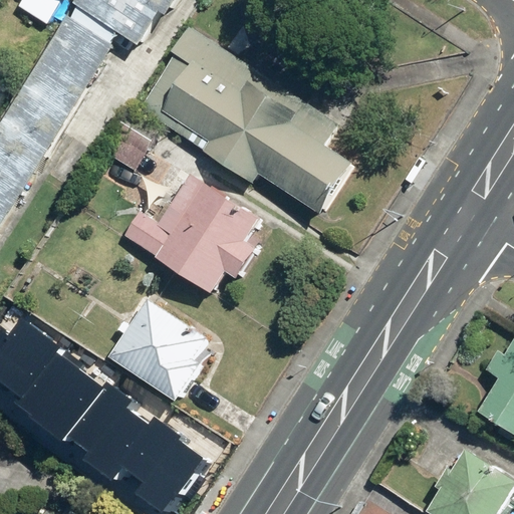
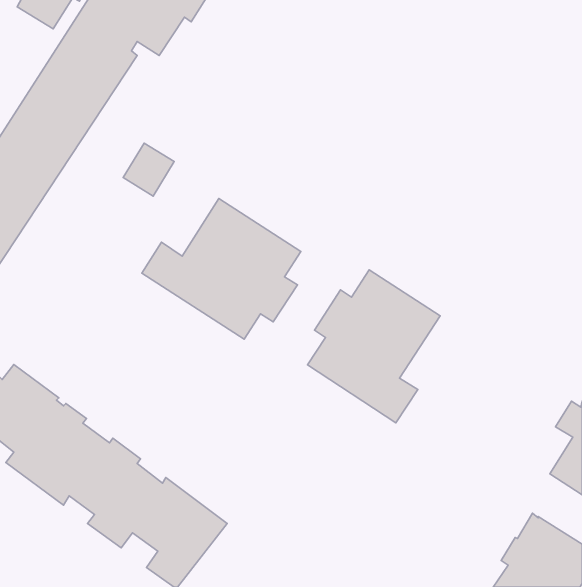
building: [135,25,355,215] -> none
building: none -> [308,270,440,423]
building: [108,298,211,403] -> none

